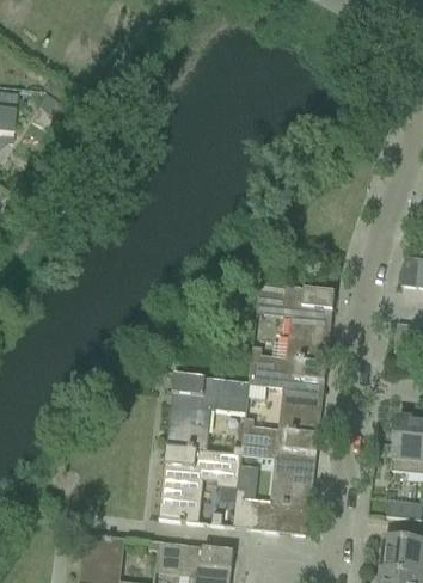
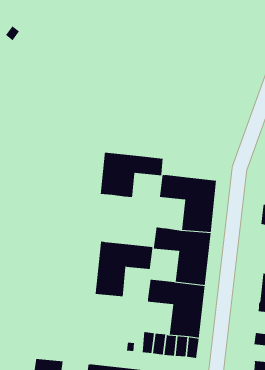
building: none -> [100,152,163,198]
building: [159,446,239,522] -> none

